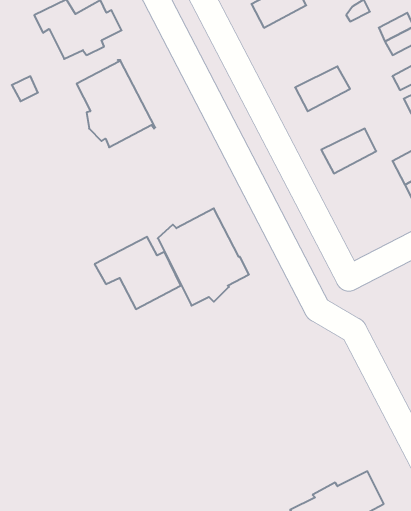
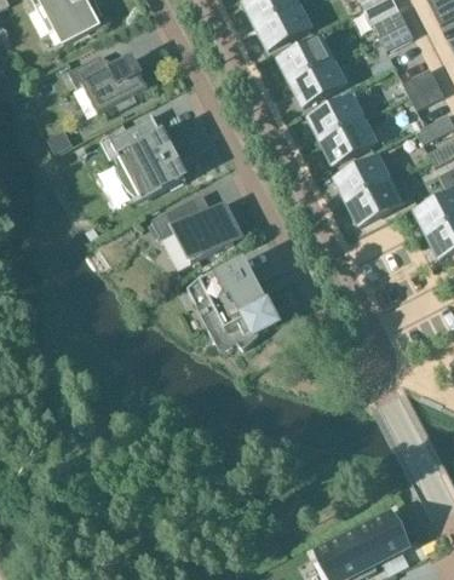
building: none -> [291,61,344,105]
building: none -> [309,97,362,140]
building: none -> [335,157,389,201]
building: [95,237,181,309] -> [150,193,234,263]

